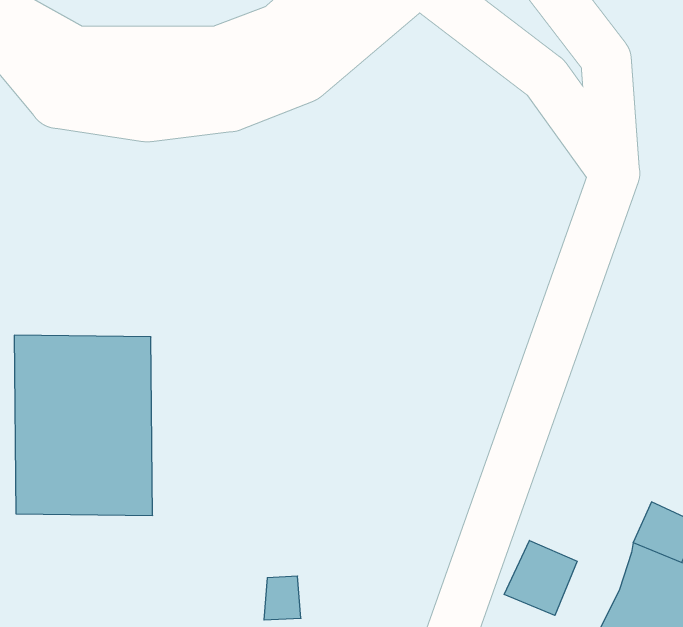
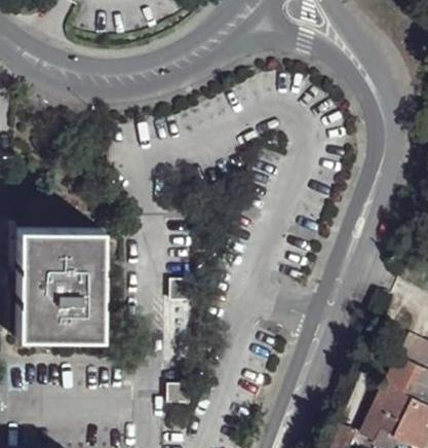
building: [504,540,577,615] -> none

